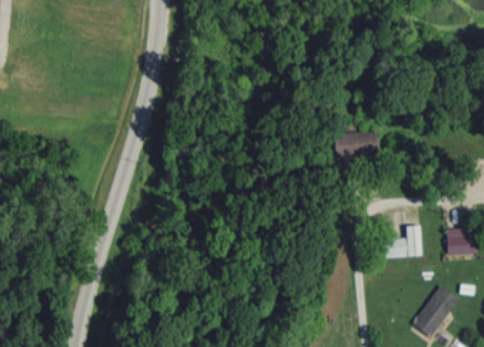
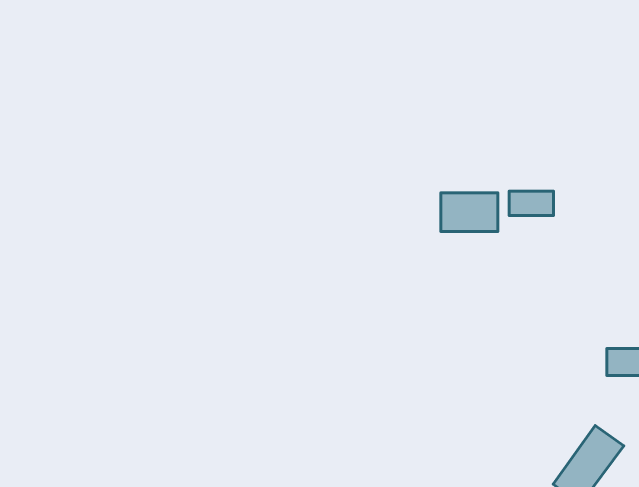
building: none -> [509,191,553,216]
building: [385,226,421,257] -> none

